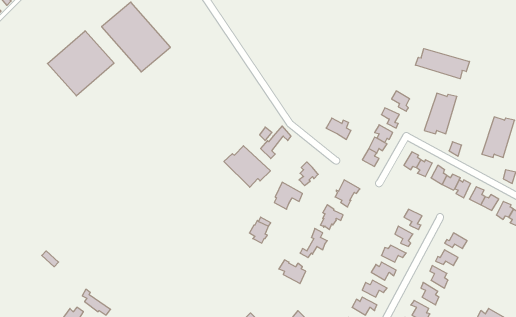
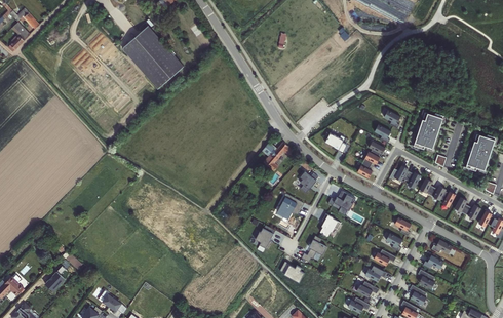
building: [47,31,114,96] -> none
building: [415,49,469,79] -> none
building: [224,146,270,187] -> none

